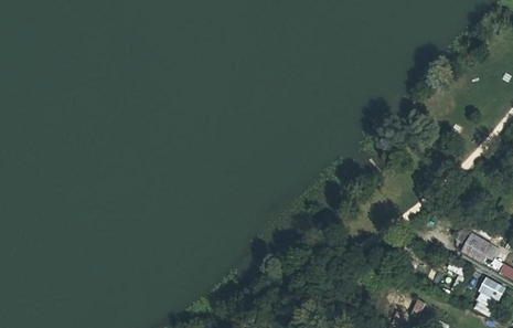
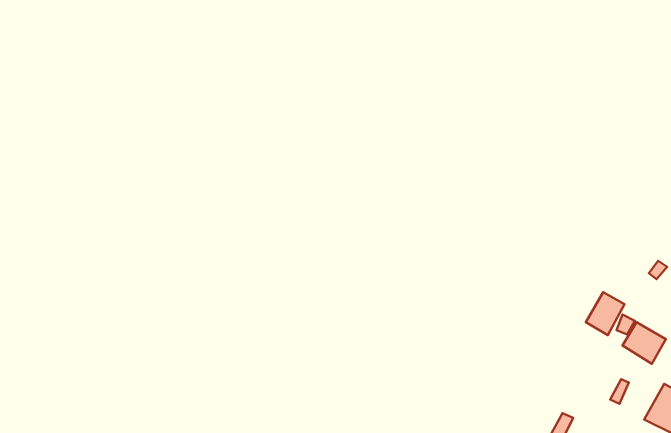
building: none -> [586,292,625,335]

